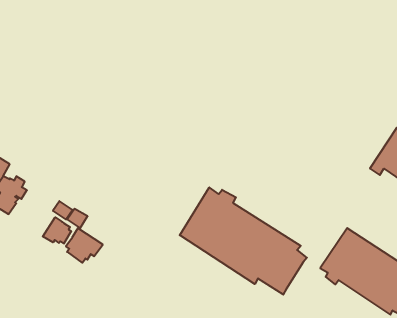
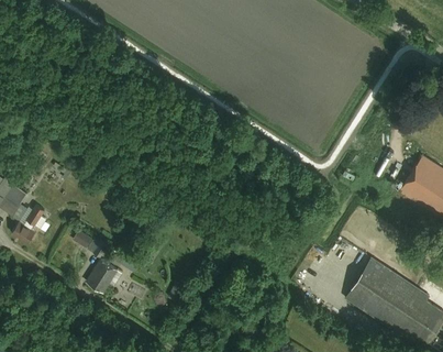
building: [180,187,307,295] -> none
building: [43,217,71,244] -> none

